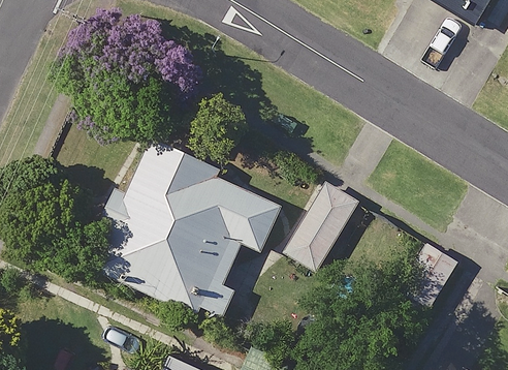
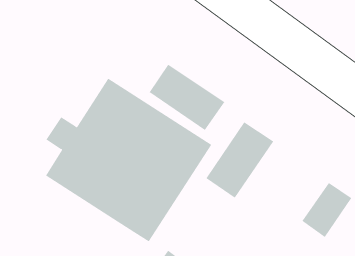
building: none -> [149,64,225,131]

